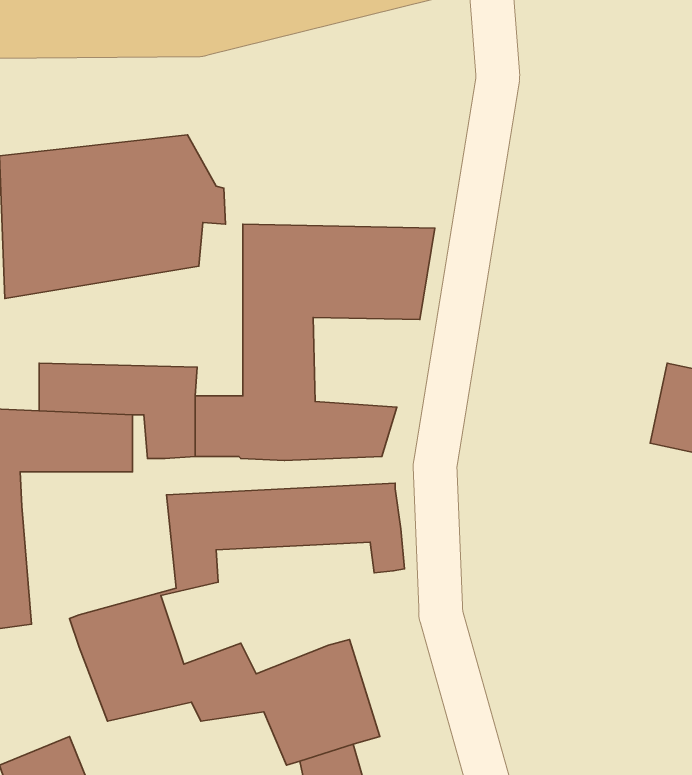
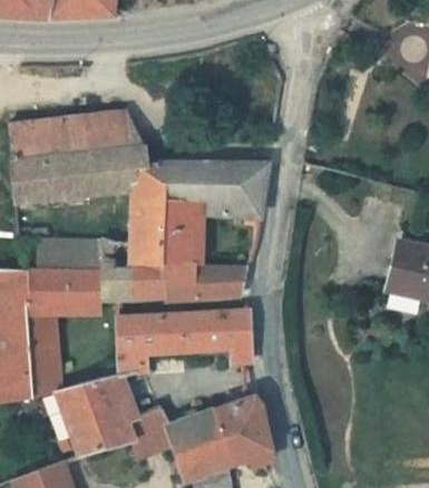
building: none -> [131,160,159,262]
building: none -> [30,325,64,396]
building: none -> [222,394,263,474]

